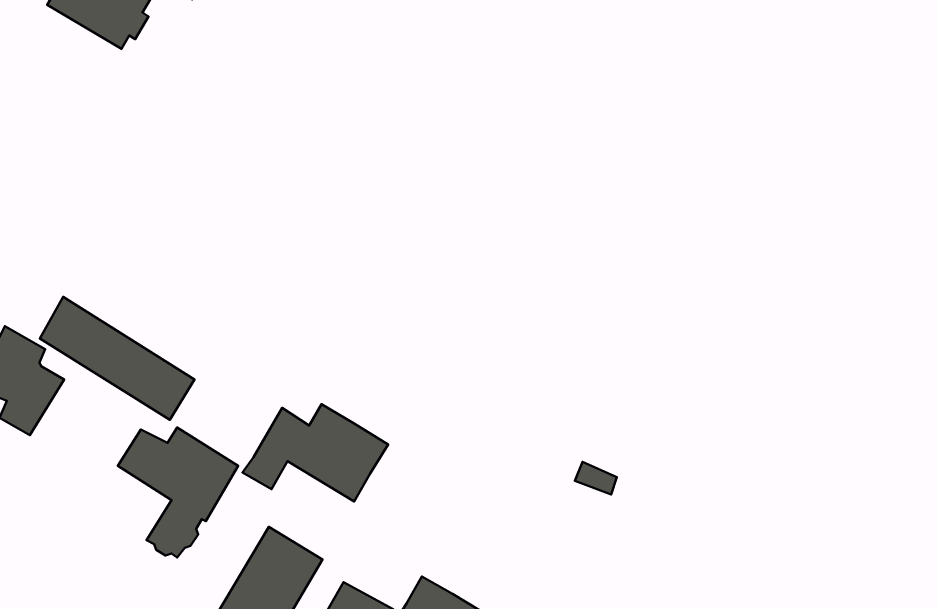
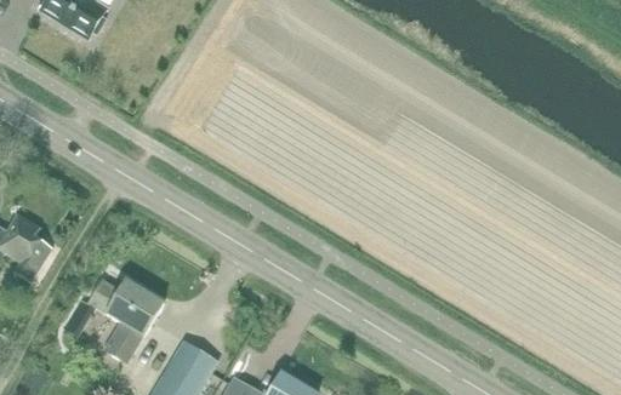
building: [40,297,194,420] -> none
building: [243,404,388,502] -> none

